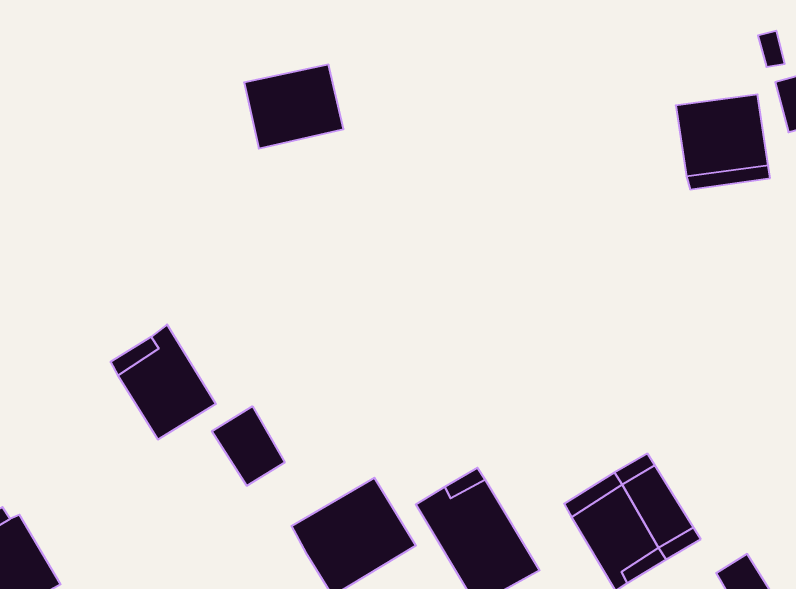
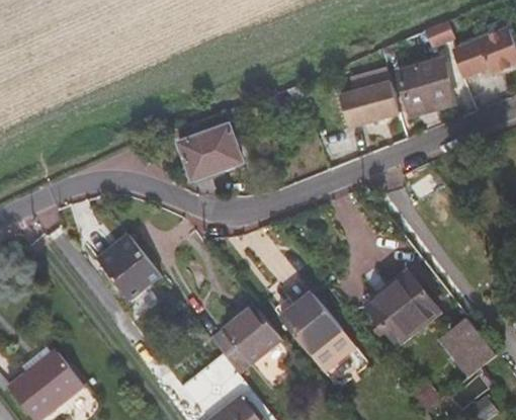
building: [244,65,344,149] -> [180,125,240,178]
building: none -> [339,82,399,129]
building: [212,406,285,486] -> none

